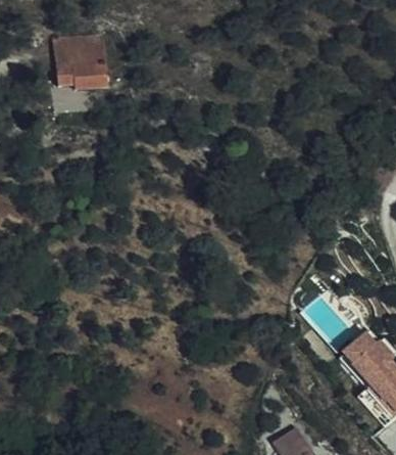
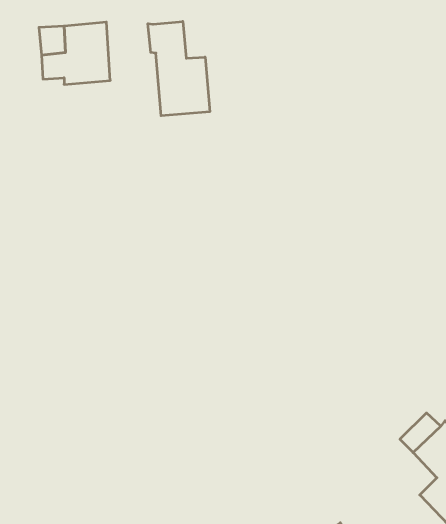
building: none -> [148,21,210,116]

